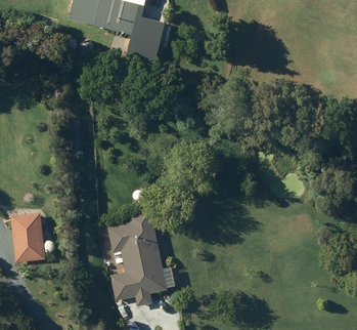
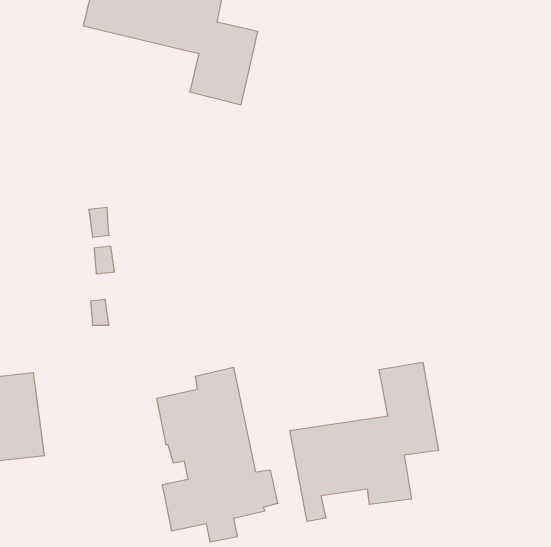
building: none -> [290,362,439,521]

